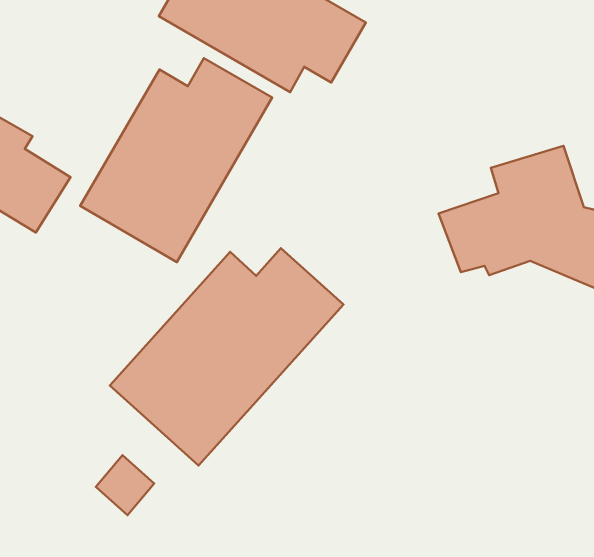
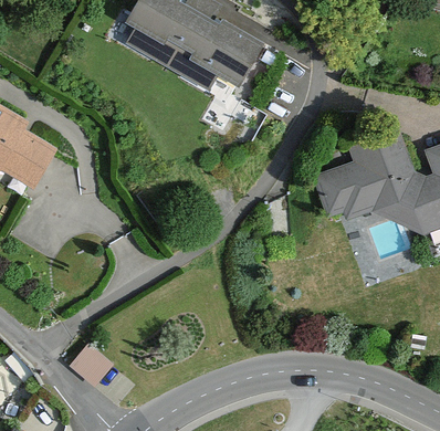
building: [80,58,272,262] -> none
building: [110,248,343,466] -> none

